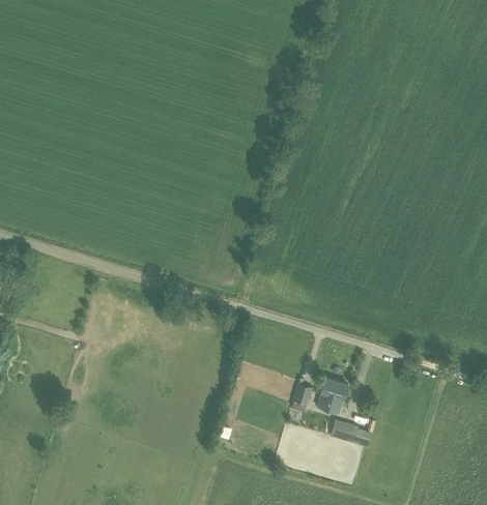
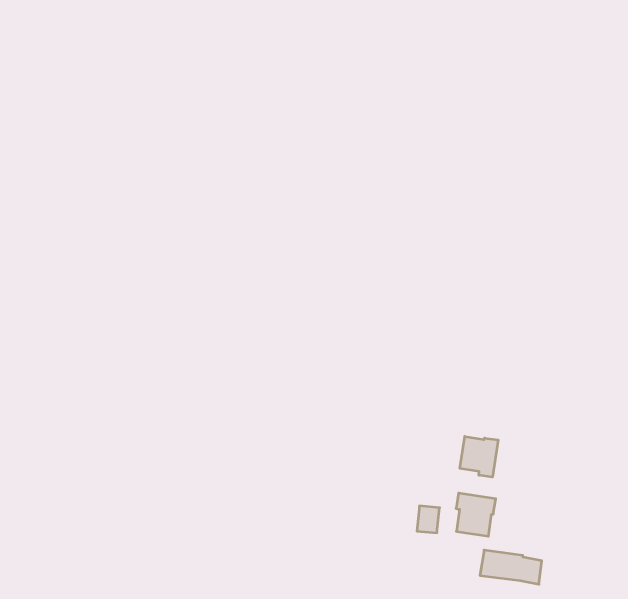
building: none -> [460,436,498,477]

